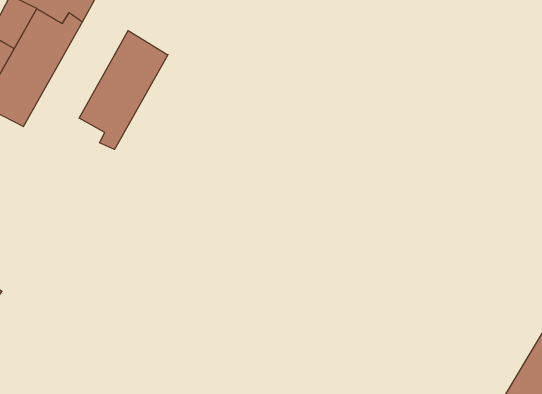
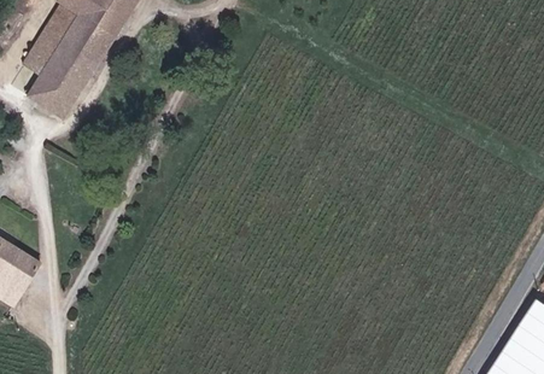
building: [79,30,168,149] -> none

